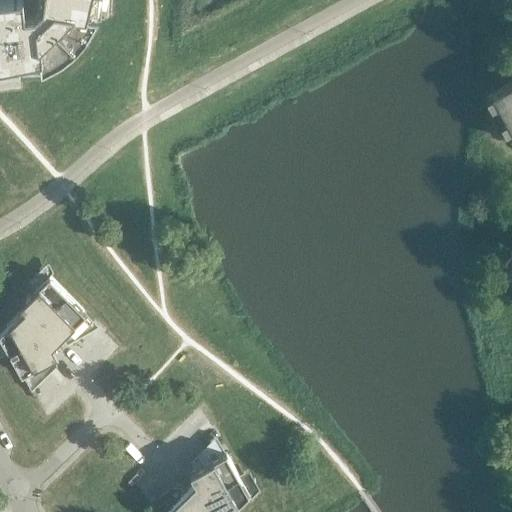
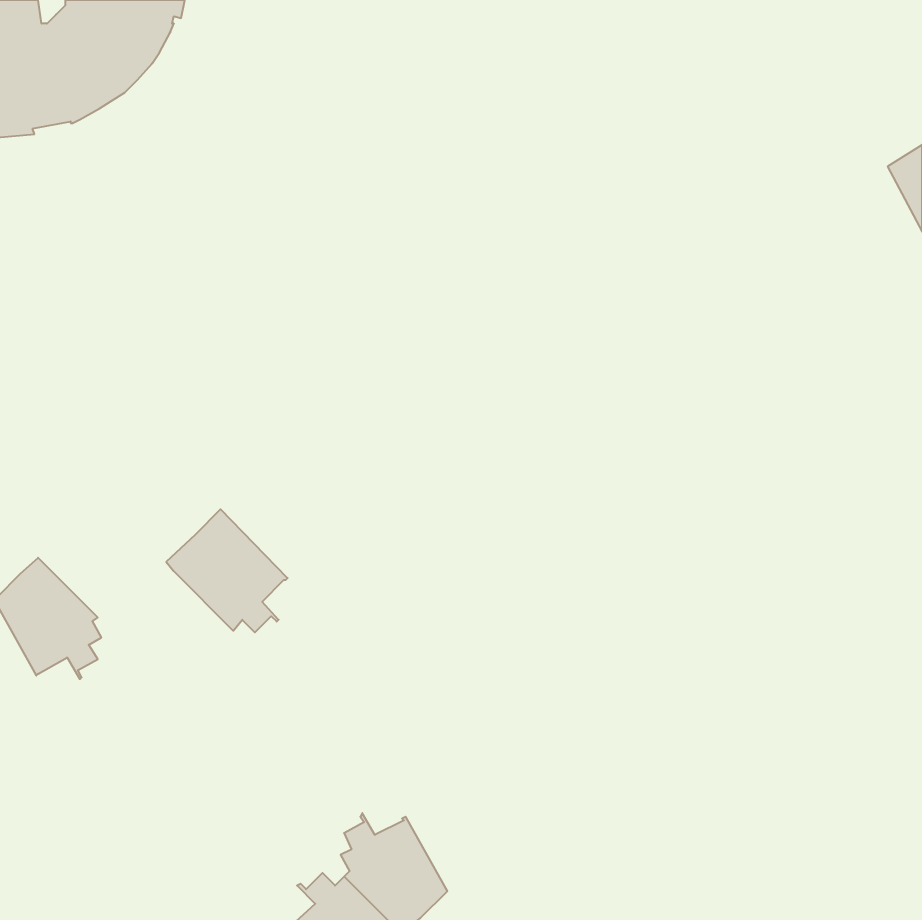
building: [17,277,84,345] -> [166,509,288,632]

